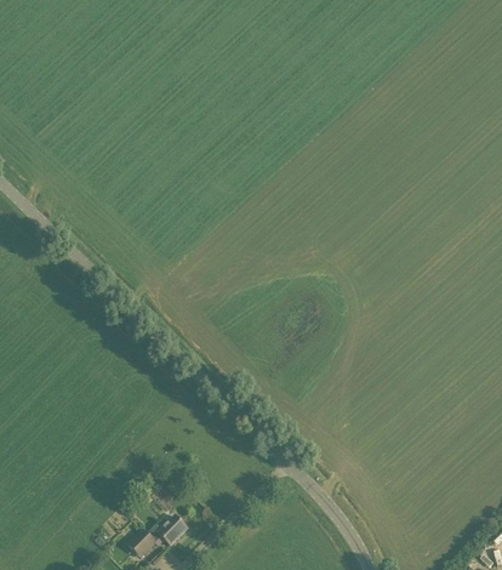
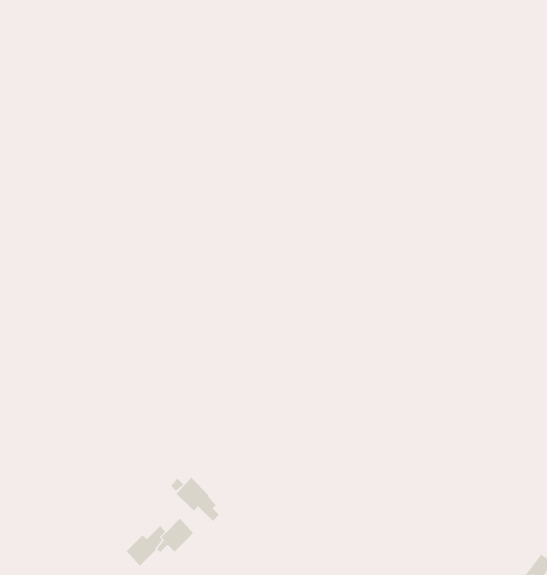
building: none -> [176,477,219,522]

